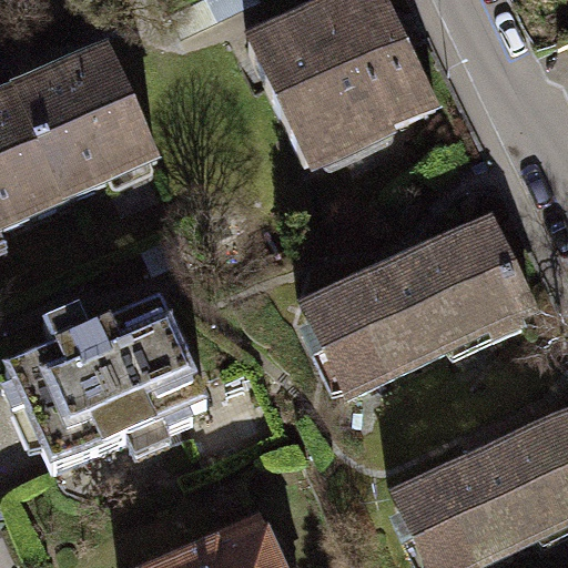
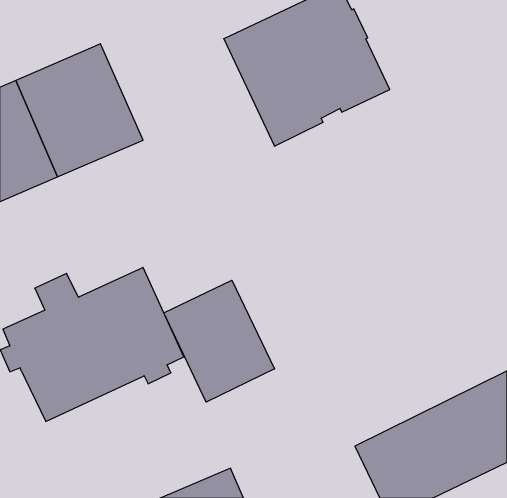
building: [304,220,531,393] -> none
building: none -> [164,280,275,402]

